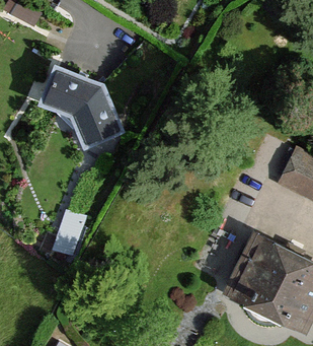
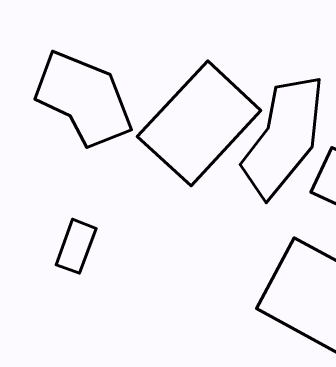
building: none -> [137,61,261,186]
building: none -> [240,79,319,203]

